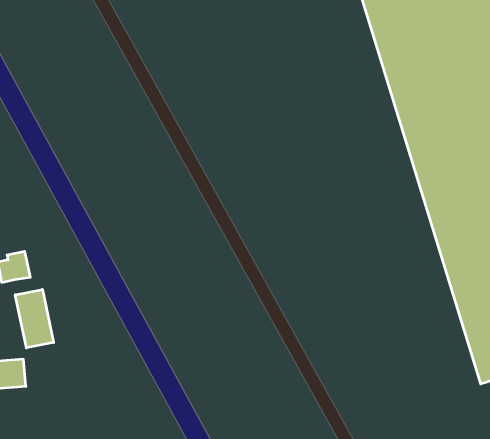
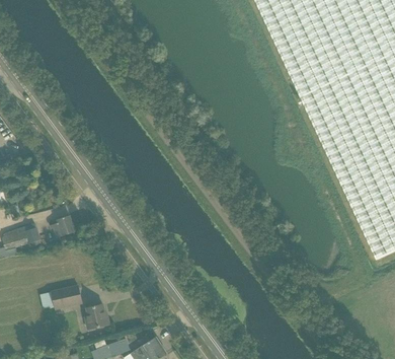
building: [15,289,54,348] -> none
building: none -> [84,304,109,330]

